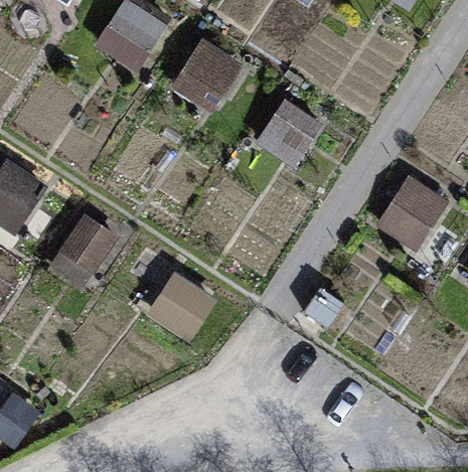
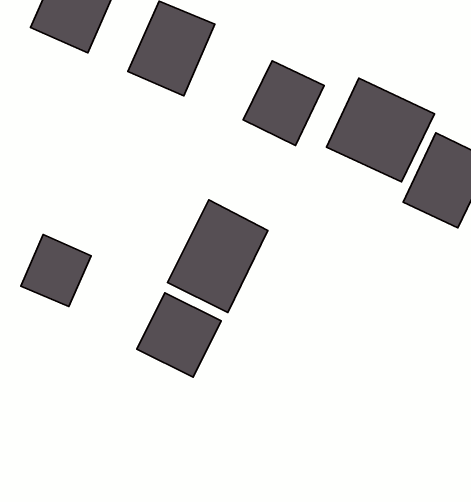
building: none -> [327,78,435,182]
building: none -> [168,200,268,312]

